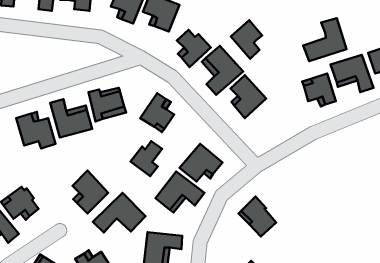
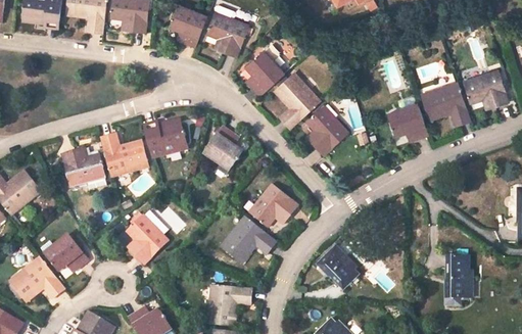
building: [303,18,346,61] -> none
building: [231,20,262,59] -> none
building: [131,141,162,176] -> none
building: [93,193,146,233] -> none
building: none -> [445,256,471,305]

